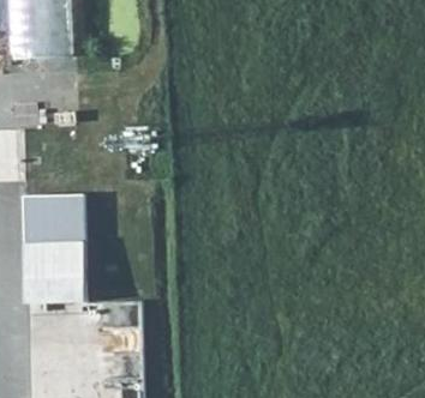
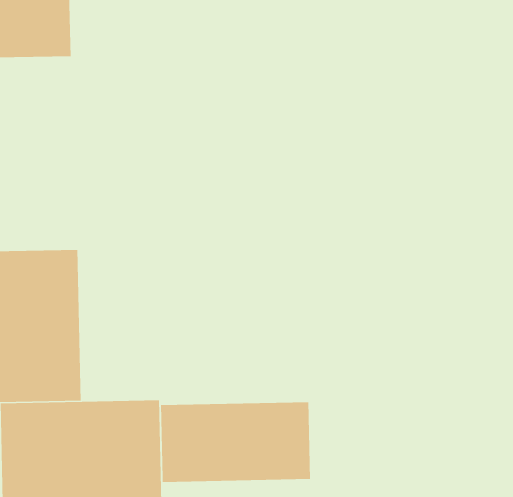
building: none -> [160,401,311,483]

